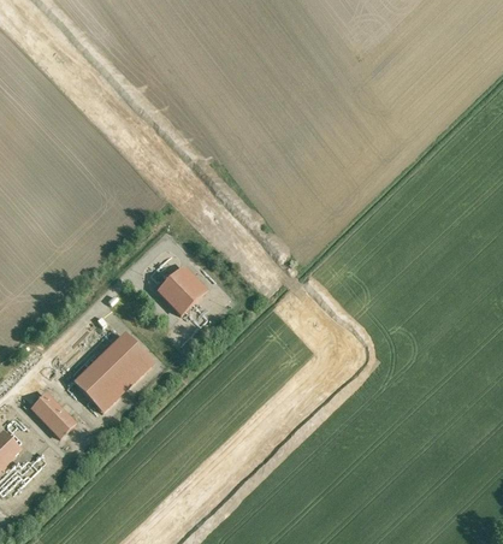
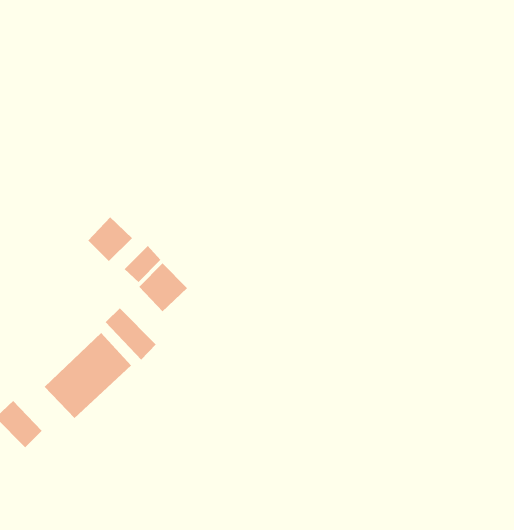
building: none -> [88,216,133,262]
building: none -> [105,308,156,361]

